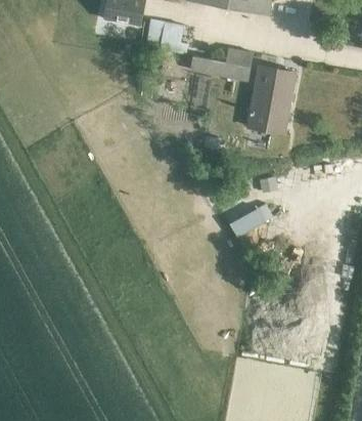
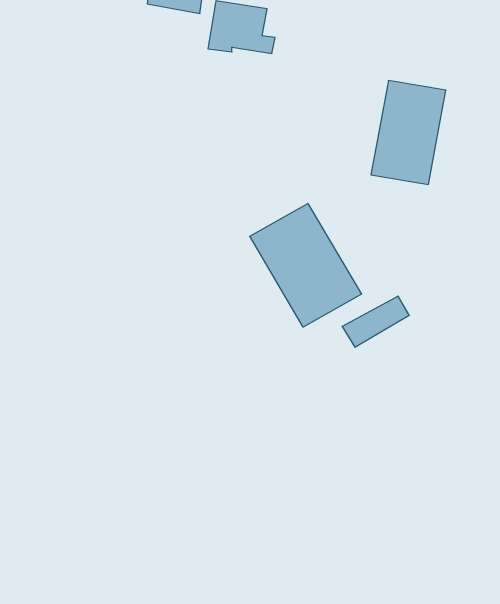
building: [188,45,251,78] -> none
building: none -> [250,203,361,327]

